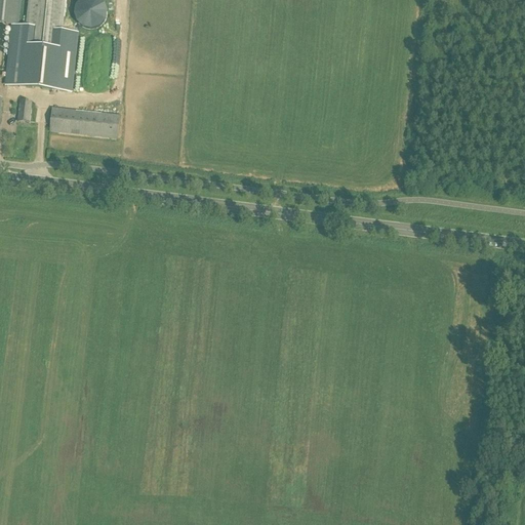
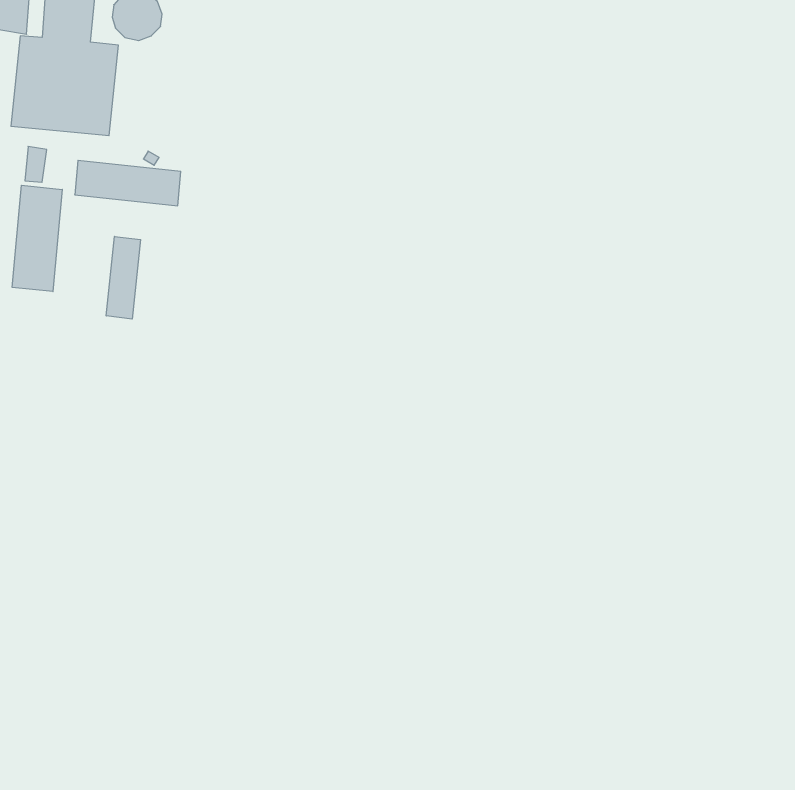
building: none -> [12,185,62,292]
building: none -> [106,236,141,319]

